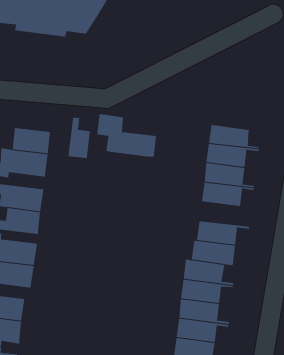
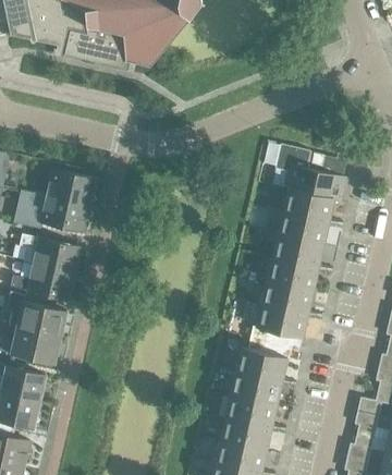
building: [97,113,157,157] -> [275,143,347,202]
building: [68,117,91,159] -> none
building: none -> [261,280,322,316]

